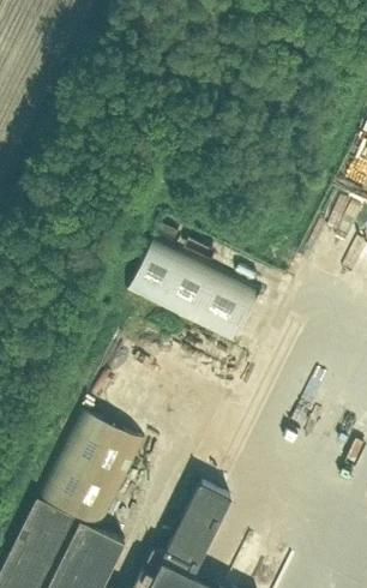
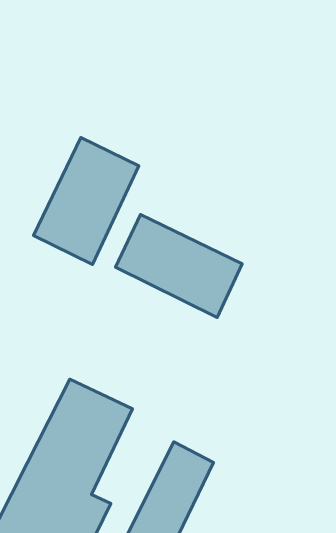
building: none -> [34,138,139,265]

